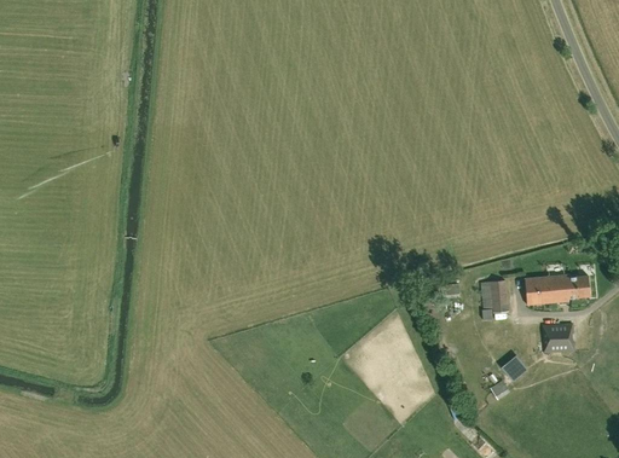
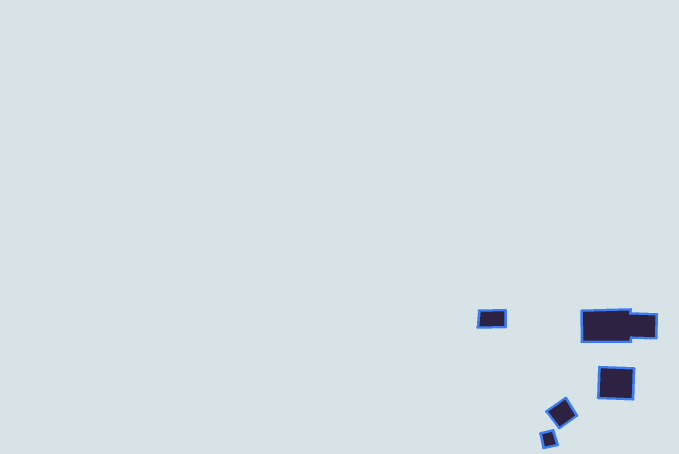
building: [481,280,508,313] -> none

